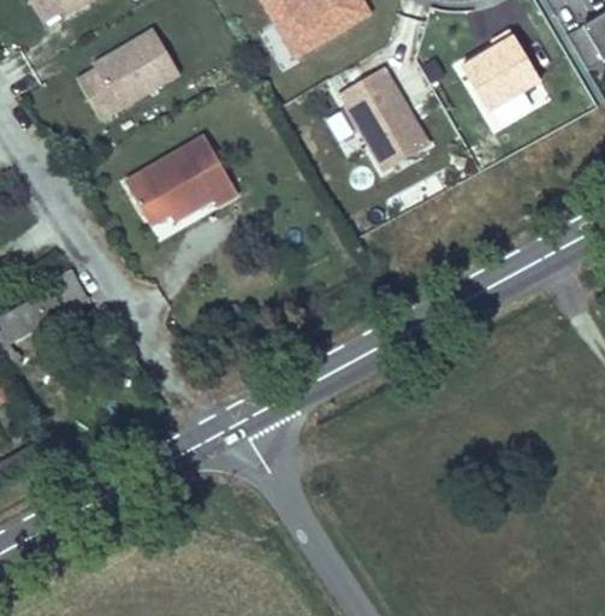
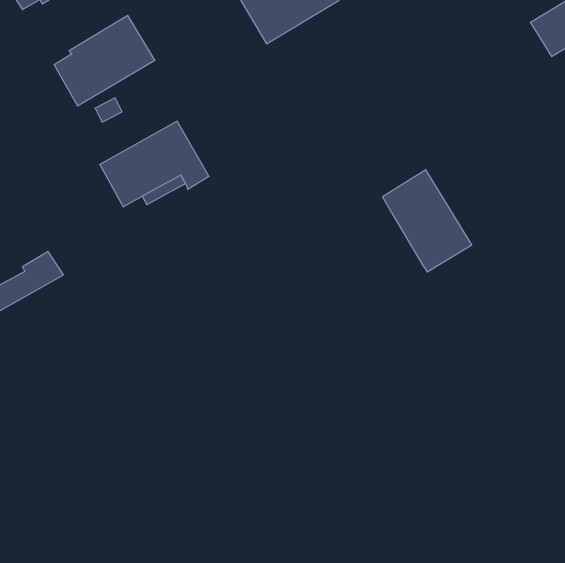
building: [462,29,540,109] -> none
building: [339,65,431,170] -> [383,170,472,272]

